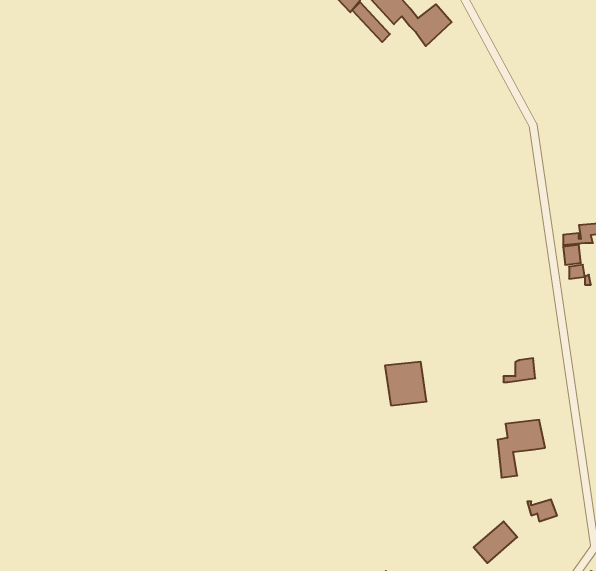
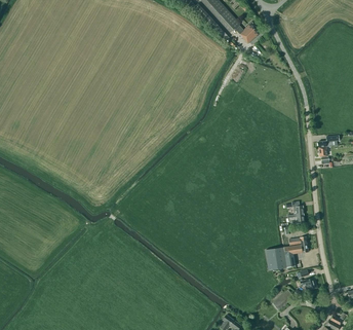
building: [385,362,427,405] -> [264,248,285,270]

